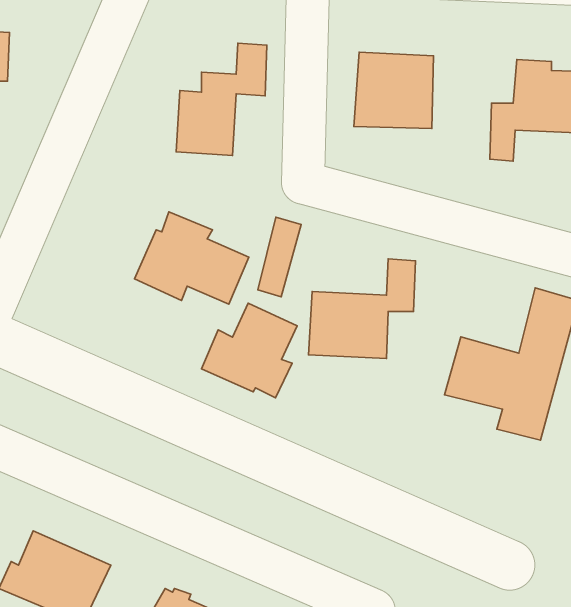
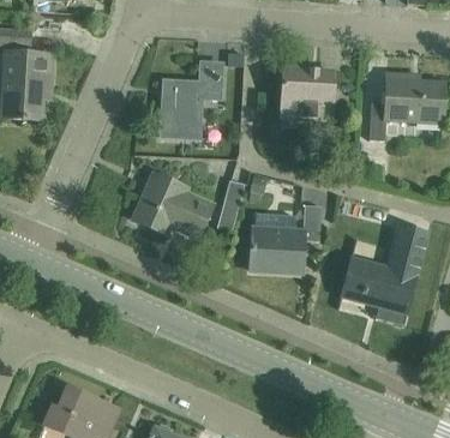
building: [202,303,297,398] -> none

